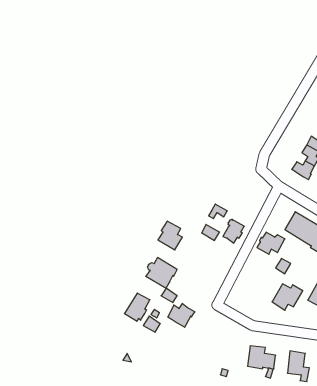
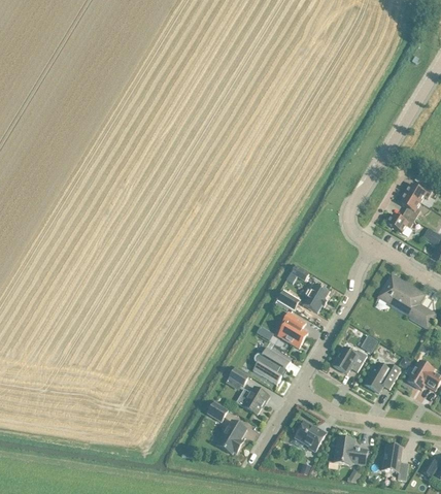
building: [158,221,182,250] -> [277,311,307,347]
building: [257,232,285,254] -> [332,345,366,372]
building: [146,258,177,288] -> [251,345,290,383]
building: [124,293,150,321] -> [215,419,246,453]
building: none -> [293,421,326,450]

